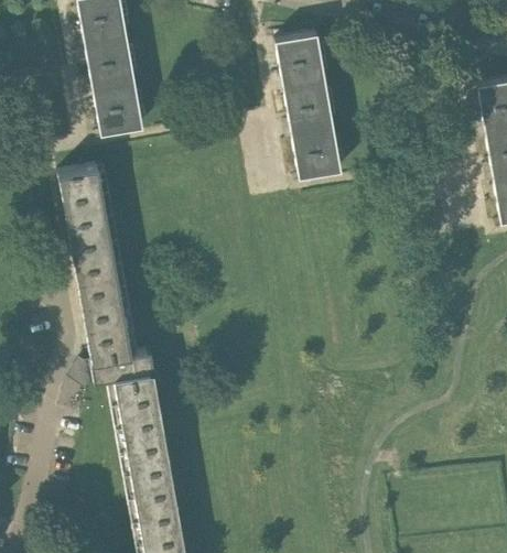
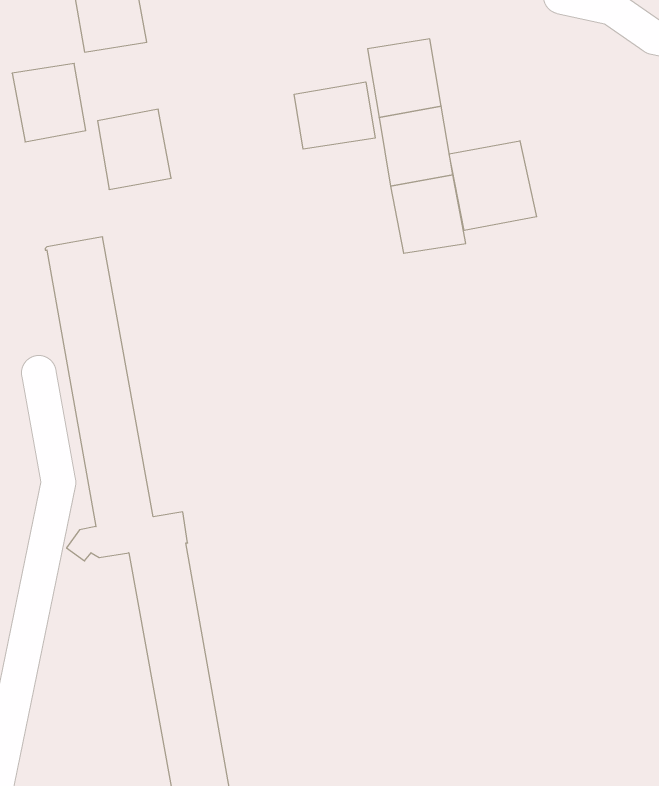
building: [85,36,134,89] -> [12,63,86,142]
building: none -> [294,82,375,149]
building: none -> [449,141,537,230]

